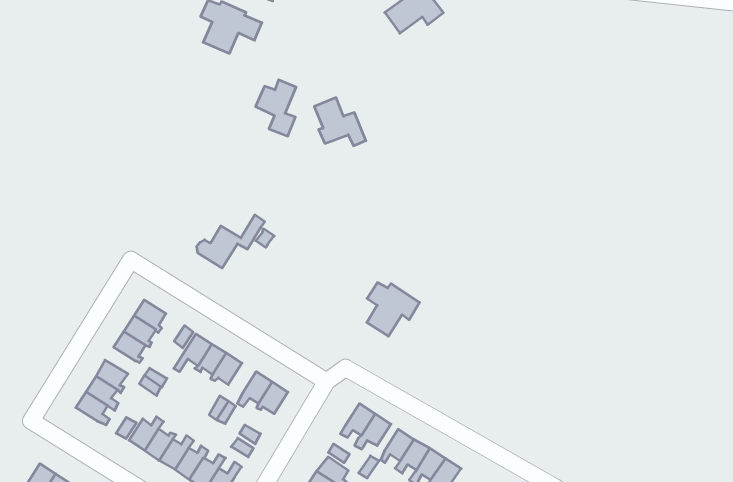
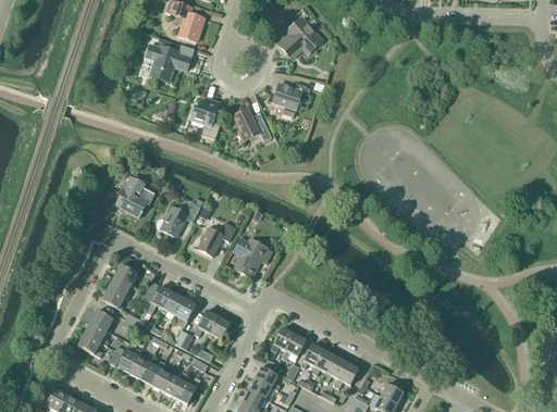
building: none -> [272,83,307,116]
building: none -> [115,174,154,217]
building: none -> [197,222,236,257]
building: [367,283,420,336] -> [234,239,272,277]

